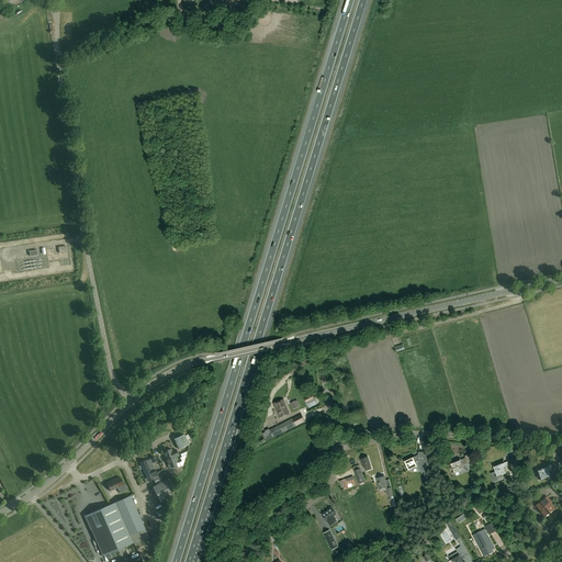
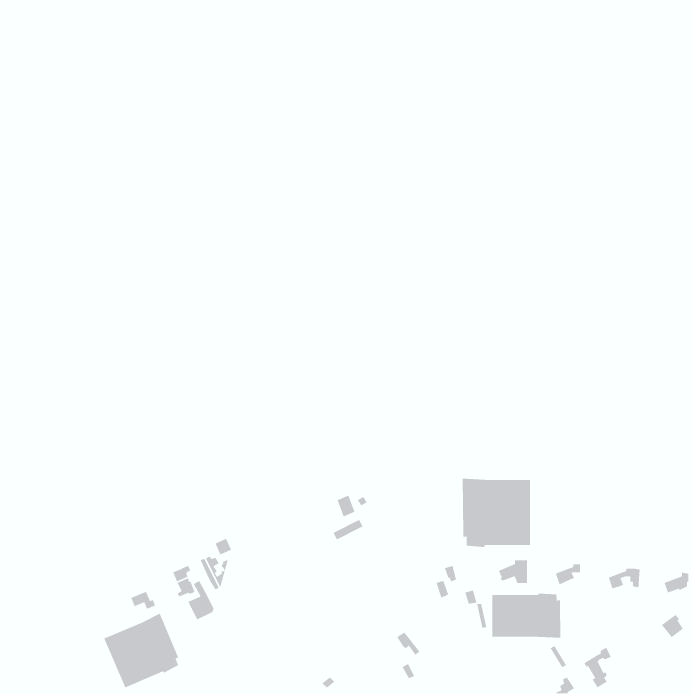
building: none -> [462,478,531,548]
building: none -> [492,593,561,638]

